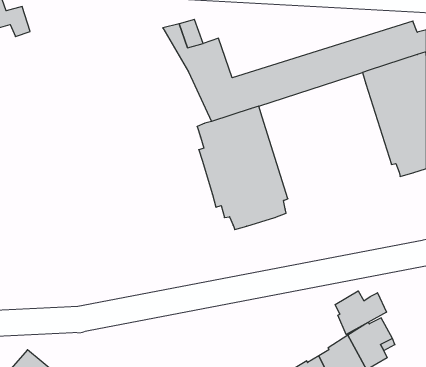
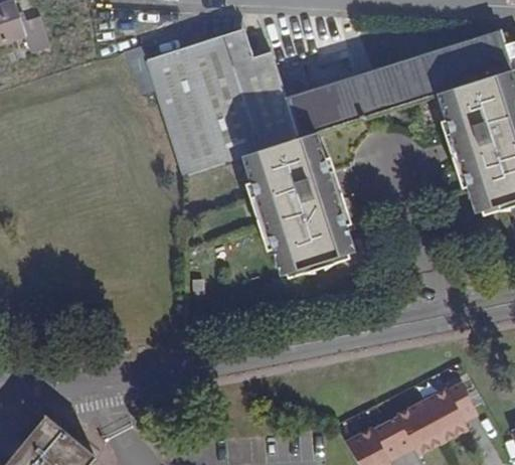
building: none -> [123,39,262,174]
building: [335,291,386,334] -> none

